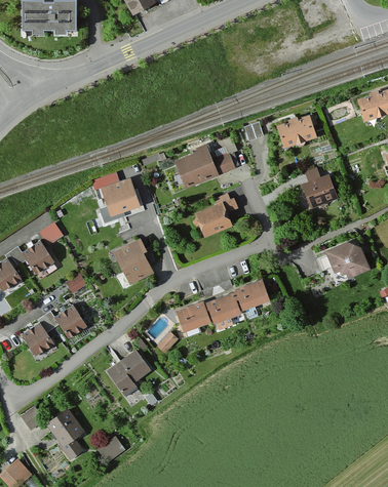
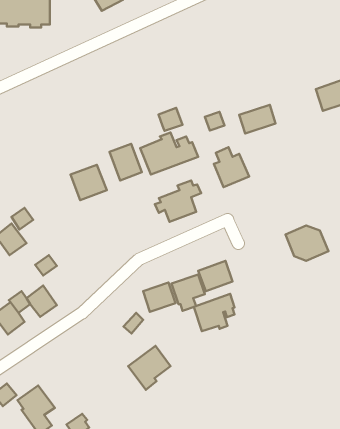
building: none -> [159,108,183,131]
building: none -> [110,144,142,180]
building: [301,167,338,209] -> [214,147,249,187]
building: [112,238,153,284] -> none
building: none -> [194,294,235,331]
building: [106,350,150,396] -> [128,346,170,390]

